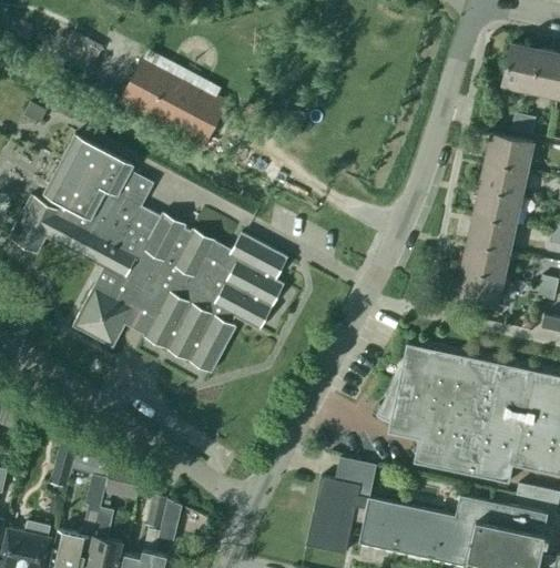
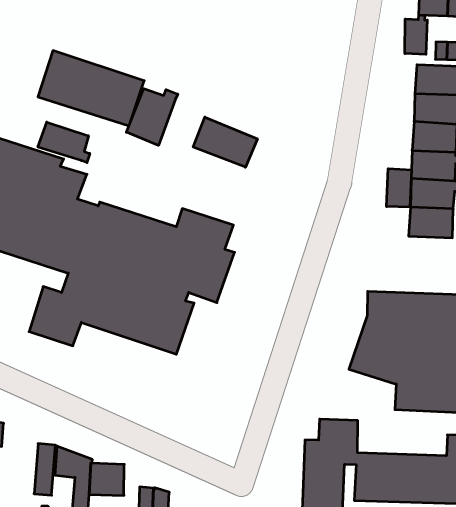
building: none -> [405,15,427,54]
building: none -> [126,89,178,145]
building: none -> [38,122,90,163]
building: none -> [193,117,257,167]
building: none -> [387,169,411,207]

